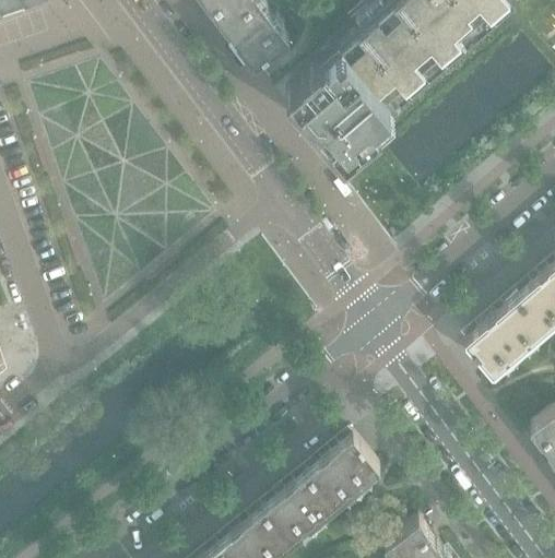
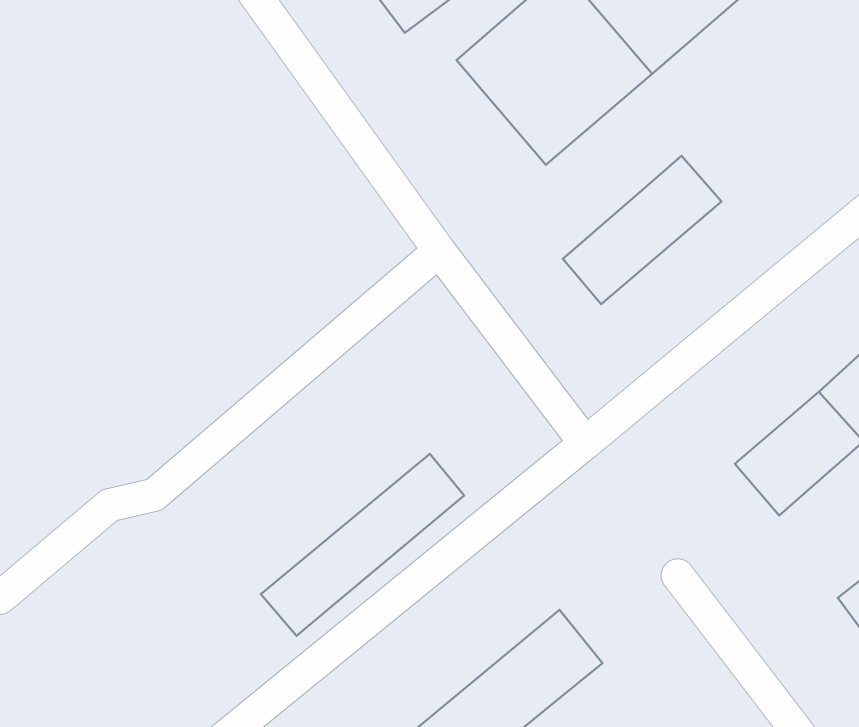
building: none -> [563,156,722,304]
building: none -> [261,454,464,636]

